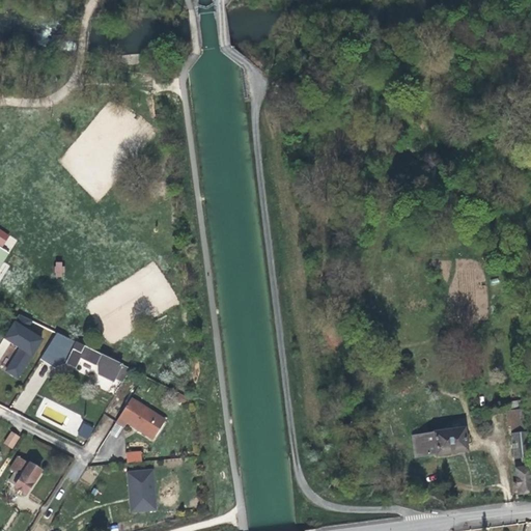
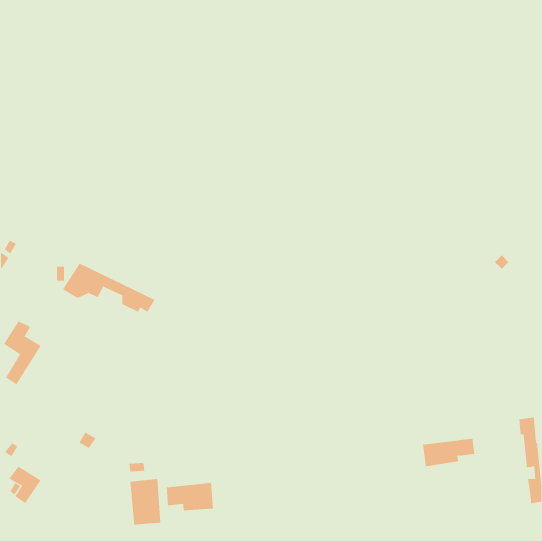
building: [39,332,131,381] -> [62,263,155,313]
building: [115,397,165,439] -> none
building: none -> [166,482,214,511]

